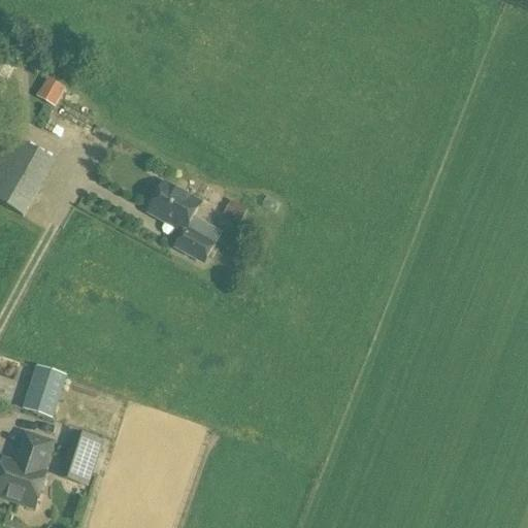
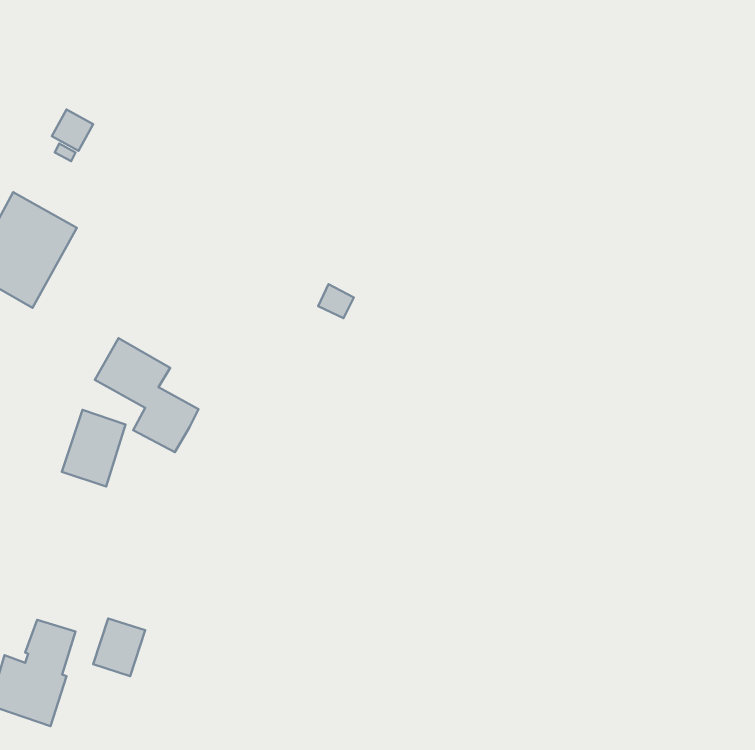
building: [148,180,221,260] -> [95,338,198,452]
building: [22,364,66,418] -> [62,410,125,487]

